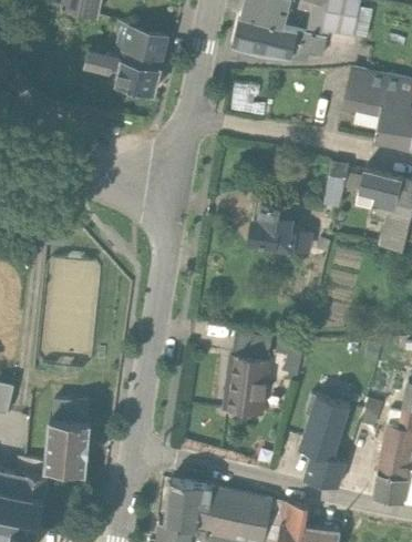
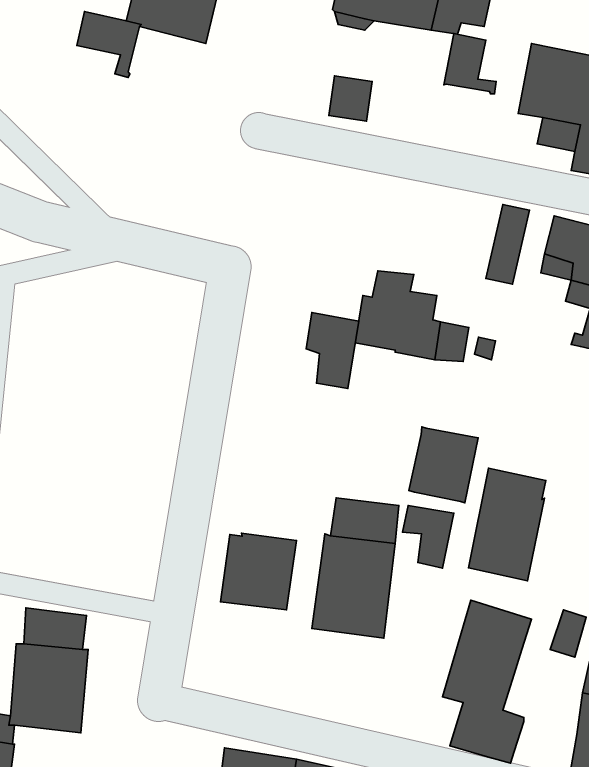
building: [114,58,159,94] -> none
building: none -> [444,34,496,94]
building: none -> [306,312,359,388]
building: none -> [409,427,478,503]
building: none -> [468,468,546,581]
building: none -> [221,533,296,610]

